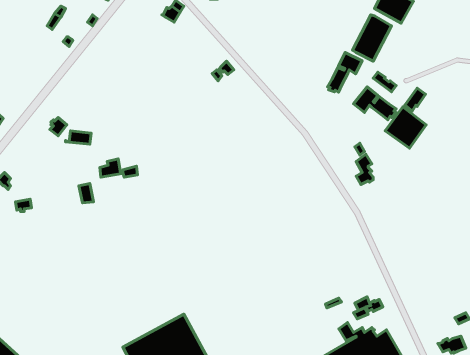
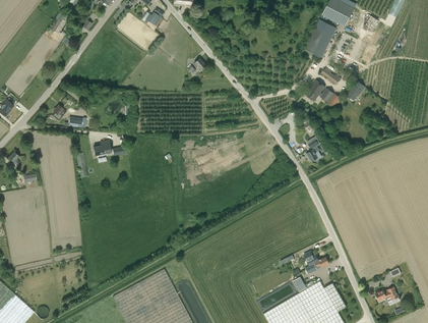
building: [327,53,362,92] -> none
building: [385,107,426,148] -> none

